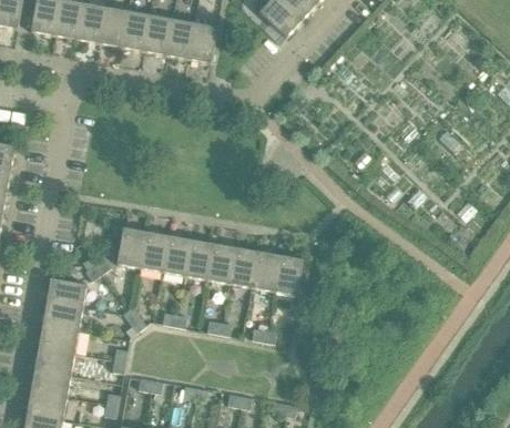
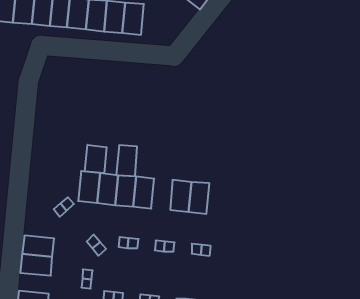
building: none -> [85,145,106,173]
building: [206,243,235,283] -> [116,145,137,176]
building: [274,254,304,295] -> none
building: [47,278,86,307] -> none
building: [34,346,75,375] -> none

